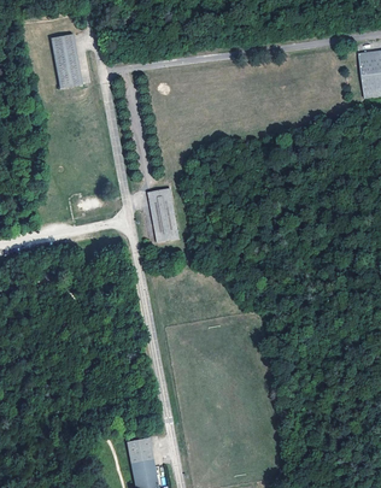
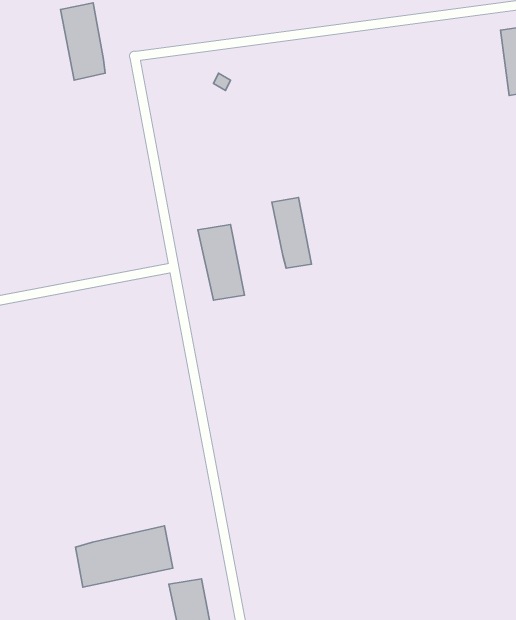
building: none -> [272,197,312,268]
building: none -> [75,526,173,587]

